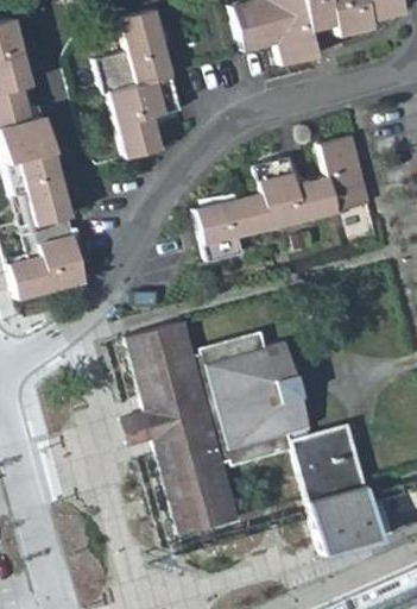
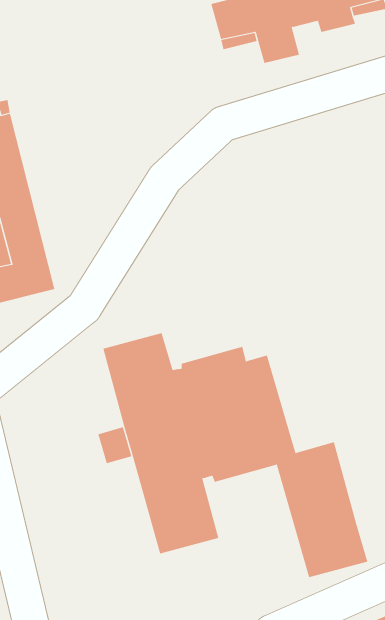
building: [99,11,182,158] -> none
building: [195,136,369,263] -> none

